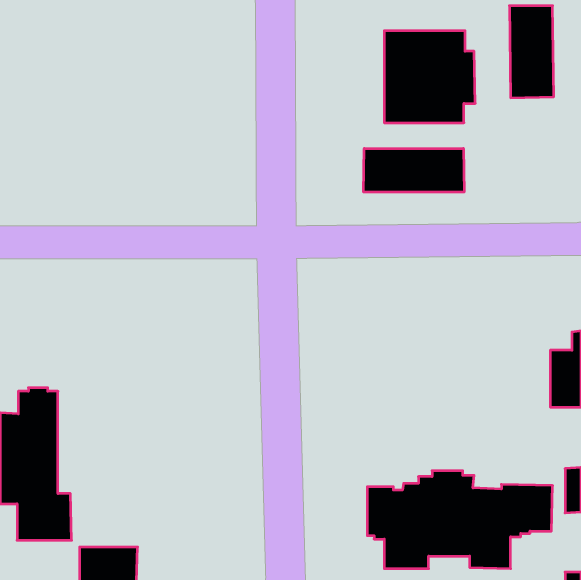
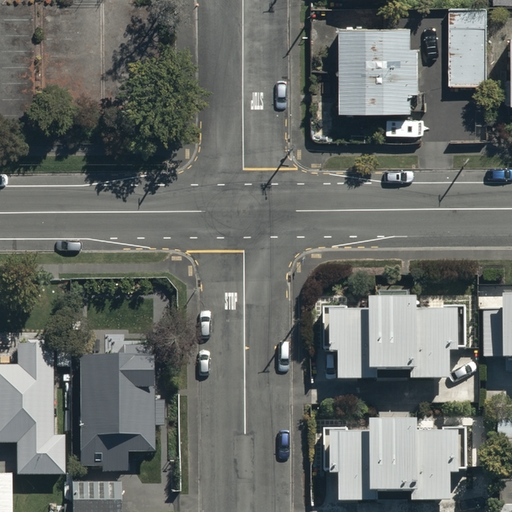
building: [364,148,464,192] -> none
building: none -> [322,292,466,381]
building: none -> [79,342,161,472]

